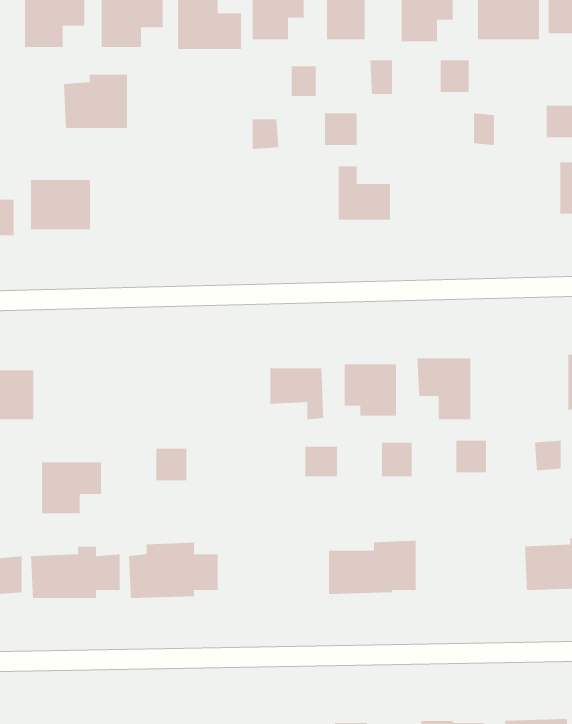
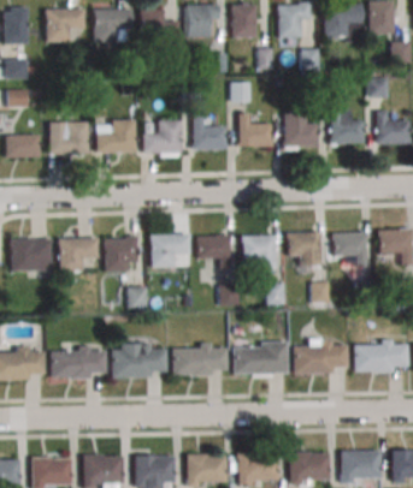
building: [63,74,128,129] -> [98,120,137,154]
building: none -> [331,108,364,143]
building: none -> [284,113,318,147]
building: none -> [193,115,226,150]
building: none -> [143,120,182,154]
building: none -> [335,232,367,266]
building: none -> [151,233,190,266]
building: none -> [106,236,137,270]
building: [41,461,102,514] -> [60,237,98,269]
building: none -> [294,341,349,374]
building: none -> [172,344,228,377]

